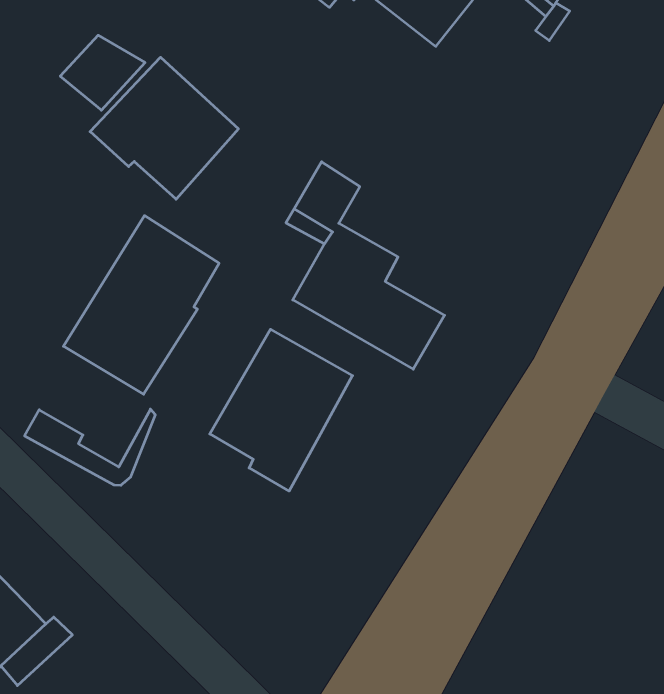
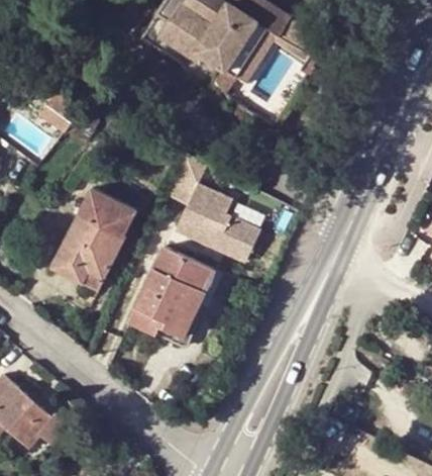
building: [90,57,238,199] -> none
building: [25,409,155,485] -> [128,302,200,346]

